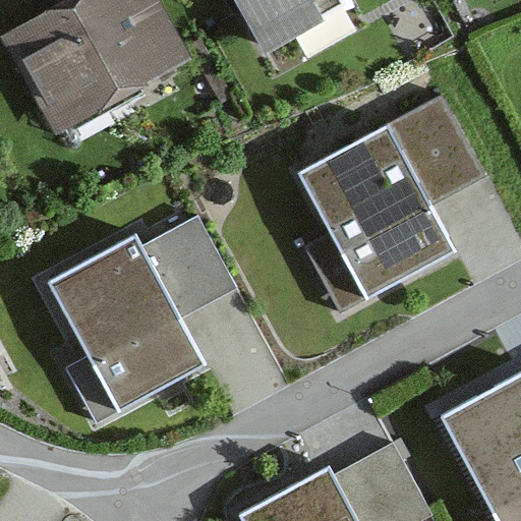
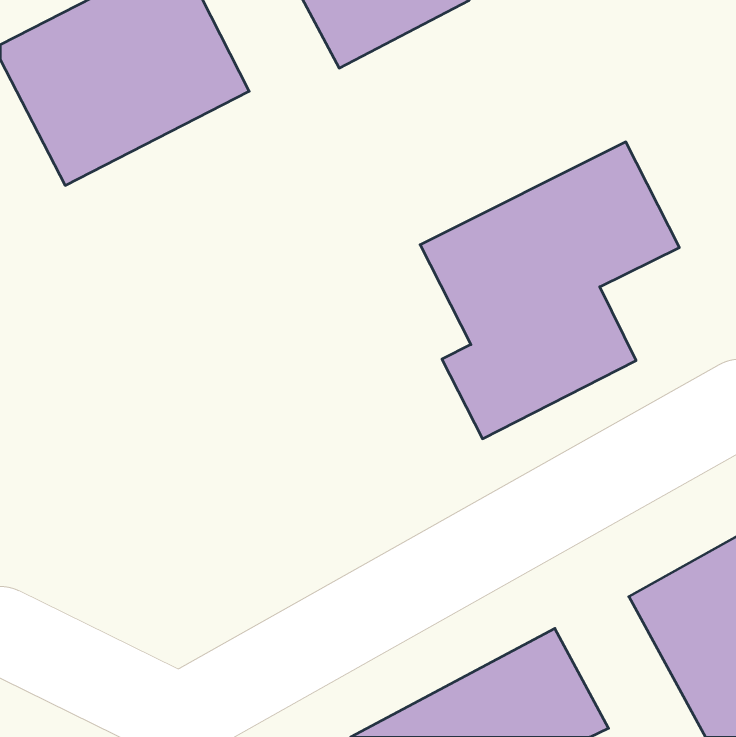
building: [57,216,239,424] -> none

